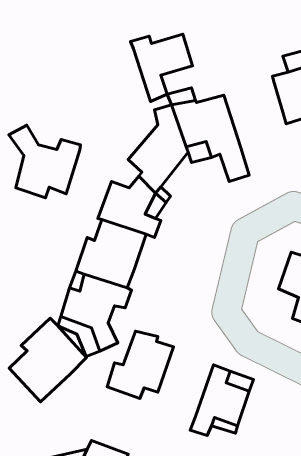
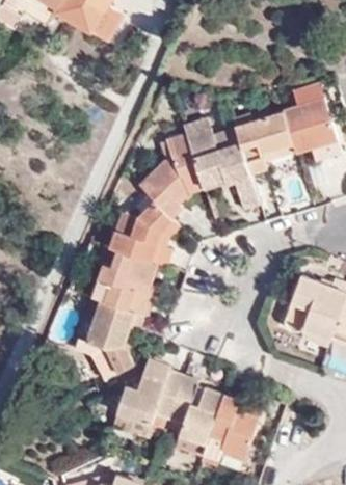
building: [130,34,192,102] -> [231,112,292,179]
building: [9,125,81,198] -> none
building: [9,318,86,402] -> none
building: none -> [168,375,223,443]

